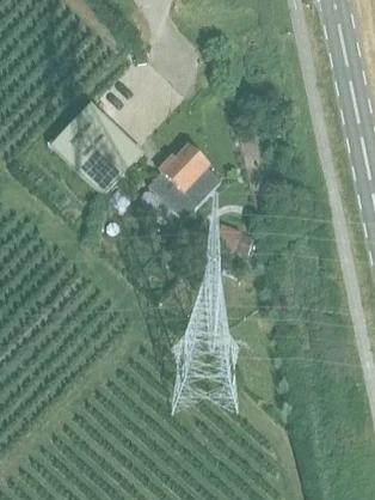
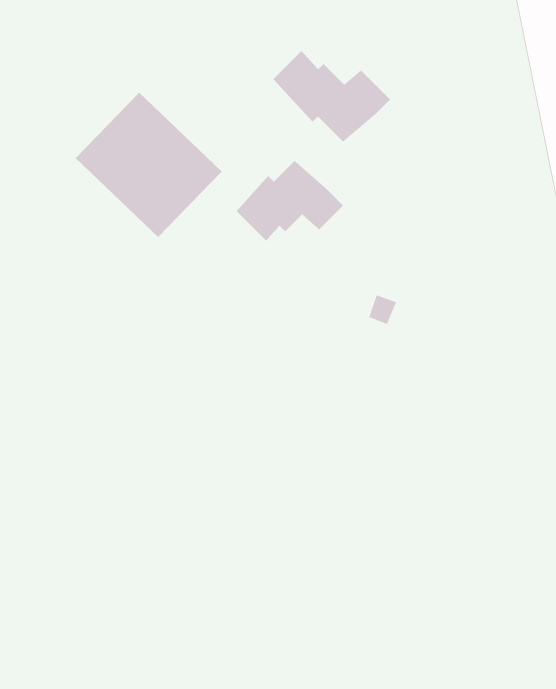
building: none -> [273,50,391,143]

